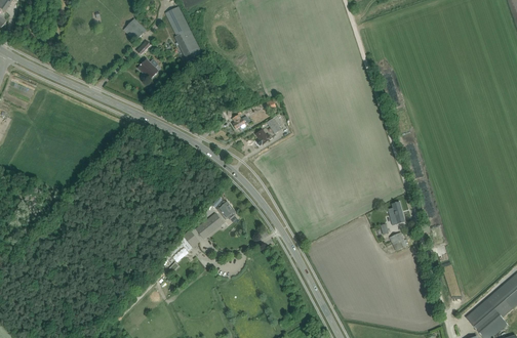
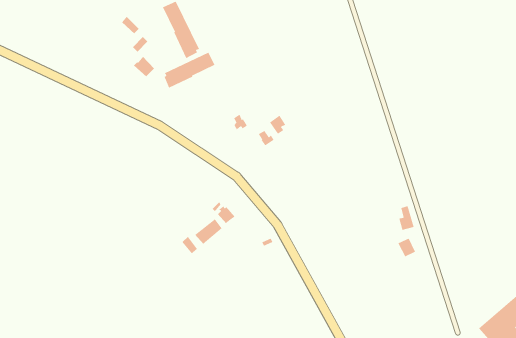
building: none -> [164,52,215,89]

